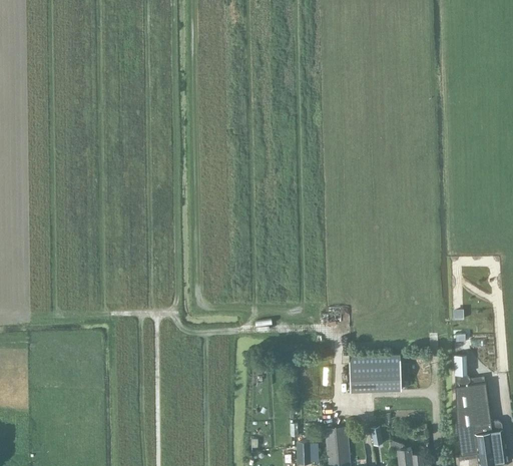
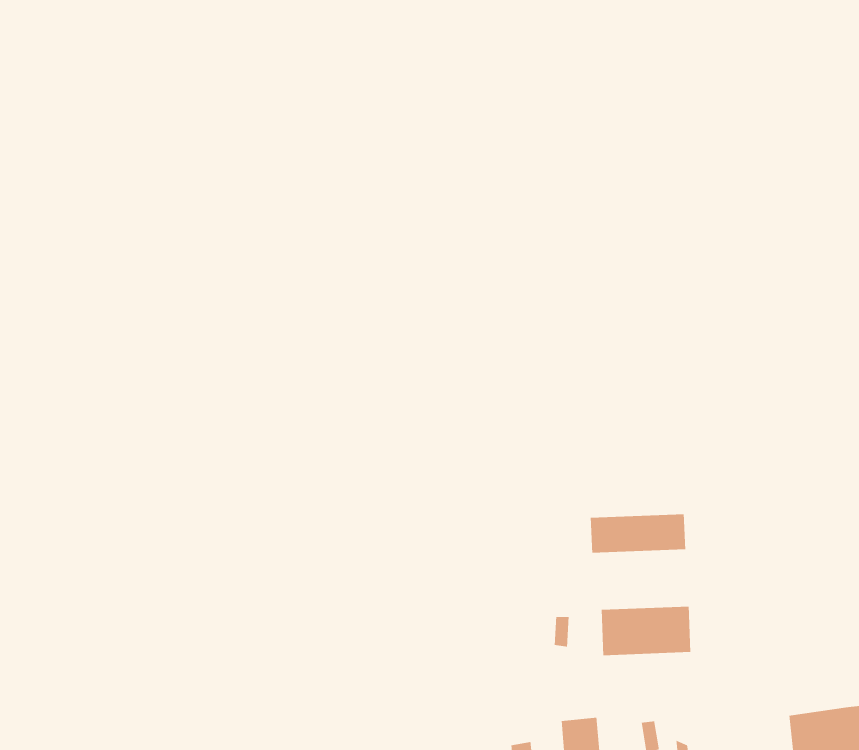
building: none -> [590,513,686,554]
building: [453,355,491,426] -> none

